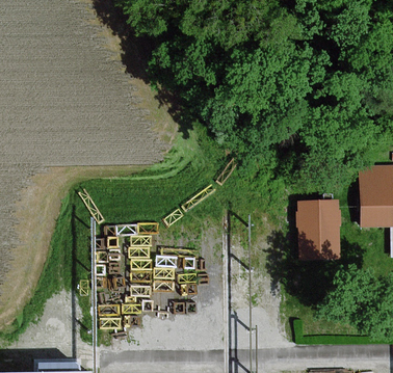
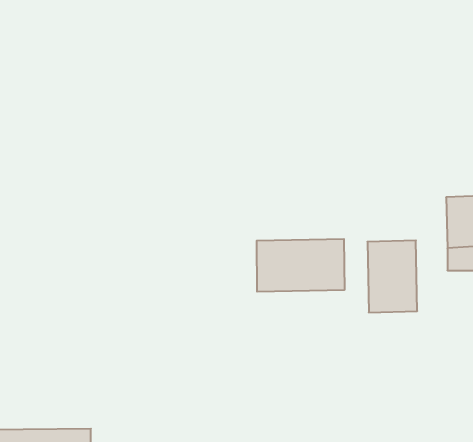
building: none -> [257,239,344,292]

